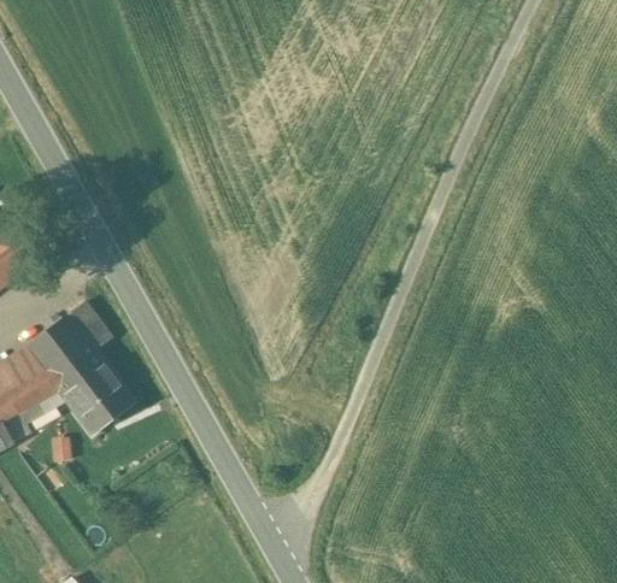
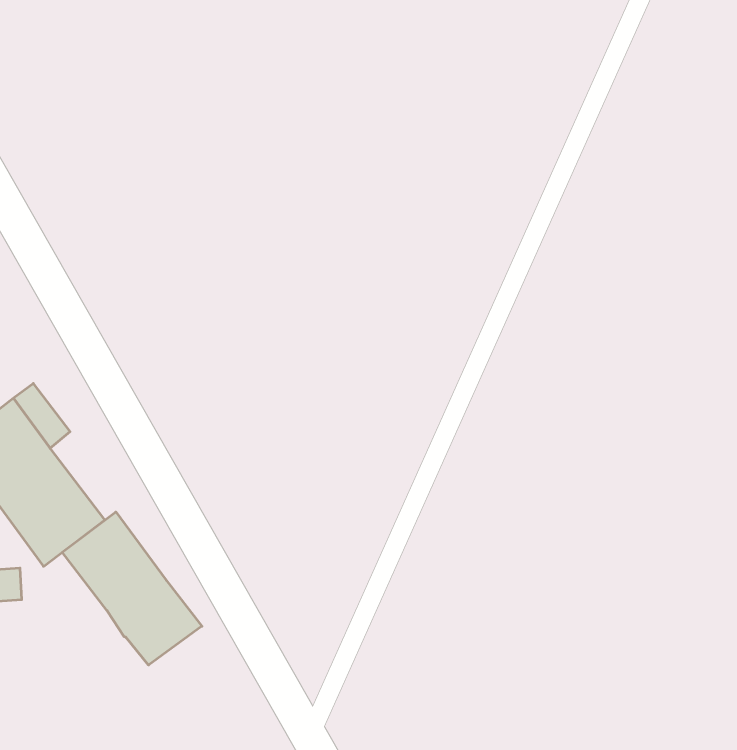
building: none -> [62,512,202,665]

